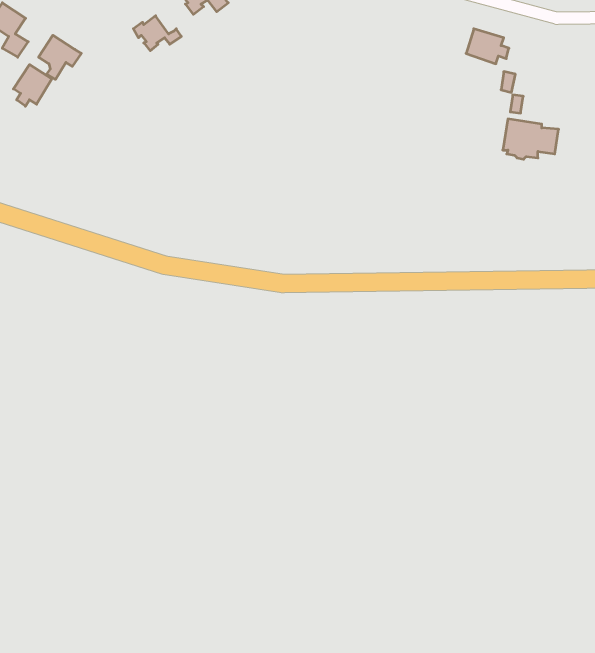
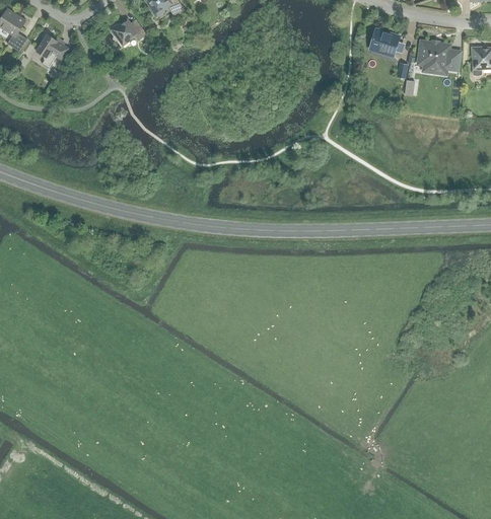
building: [13,65,52,106] -> none
building: [503,119,559,159] -> [418,42,462,73]

